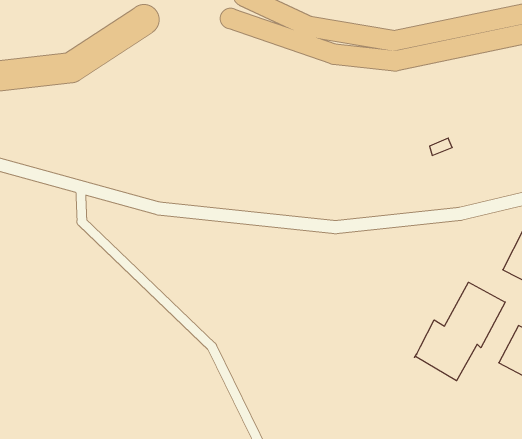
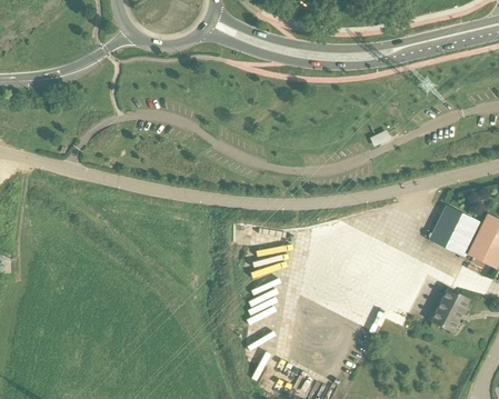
building: [414,282,505,381] -> none

